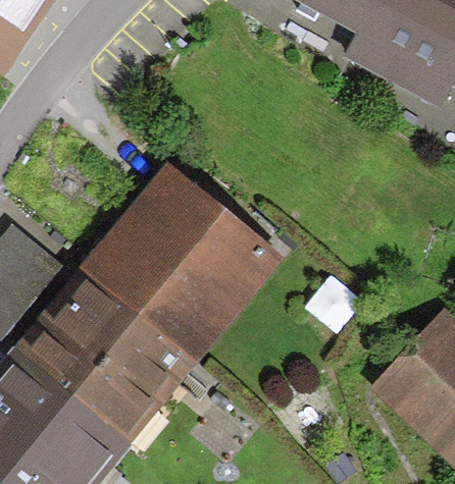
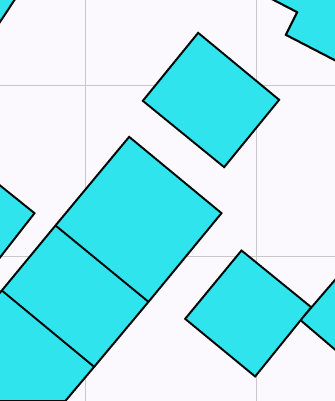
building: none -> [143,33,279,167]
building: none -> [185,250,311,376]

